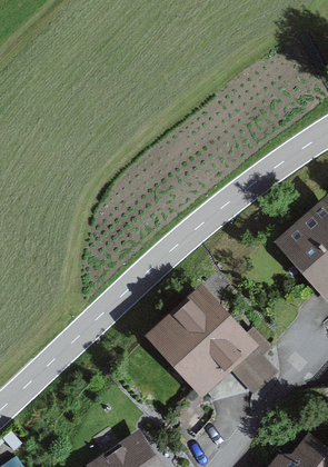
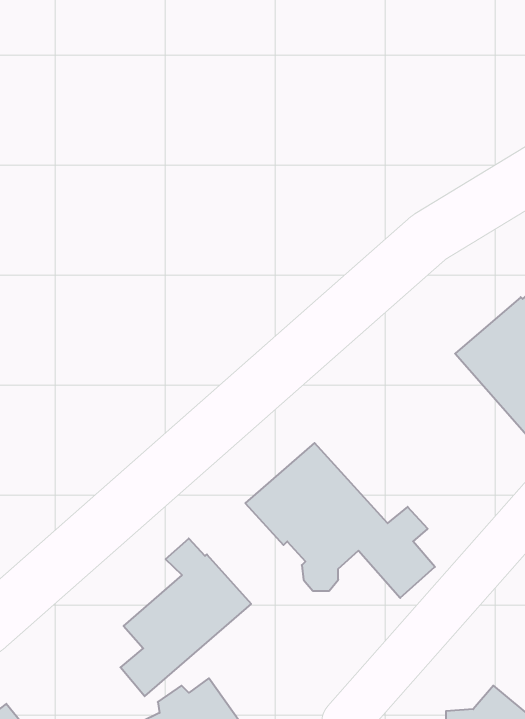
building: none -> [120,538,251,696]

